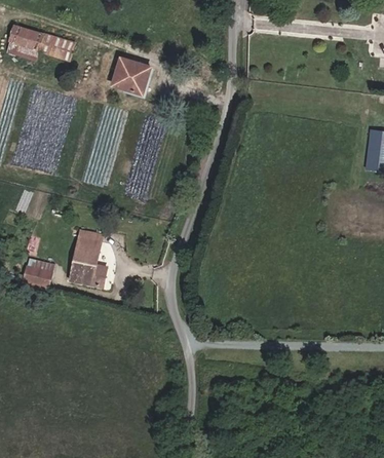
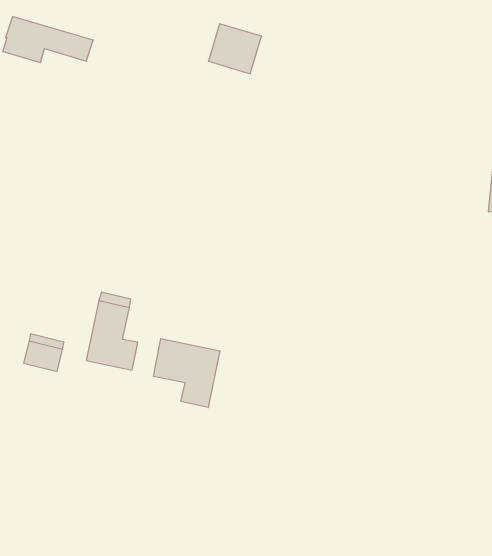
building: [112,58,151,94] -> [208,24,261,74]
building: none -> [153,339,220,408]

